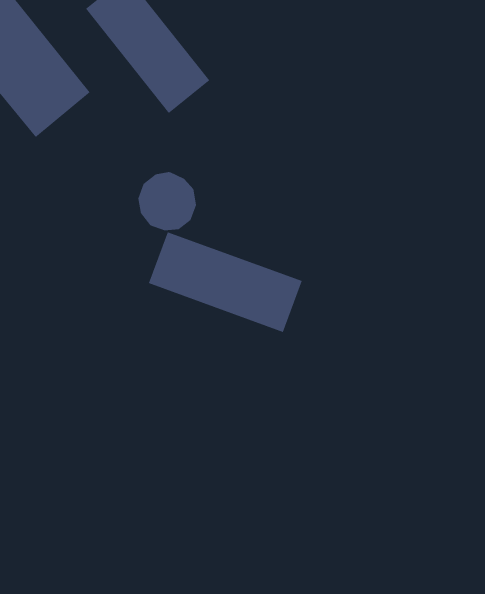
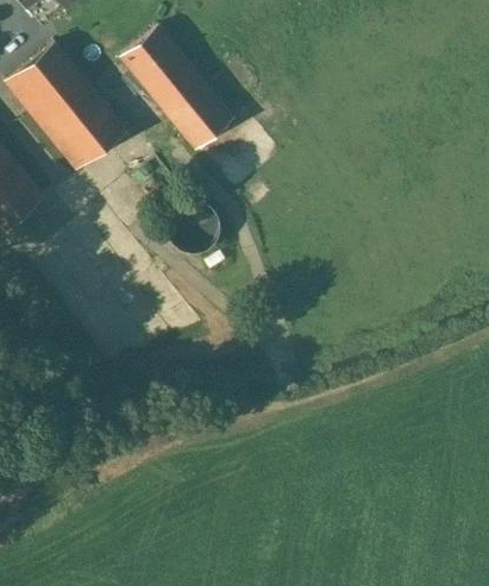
building: [148,231,303,333] -> none

